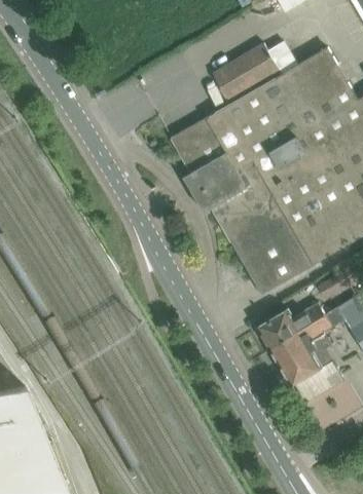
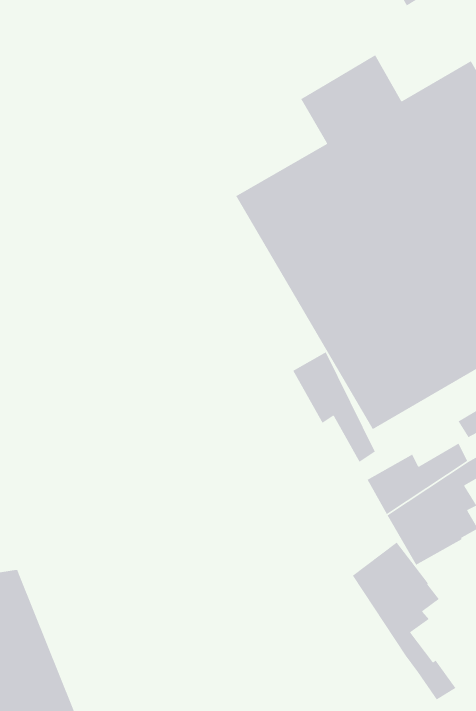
building: none -> [292,351,376,463]
building: none -> [352,541,456,701]

